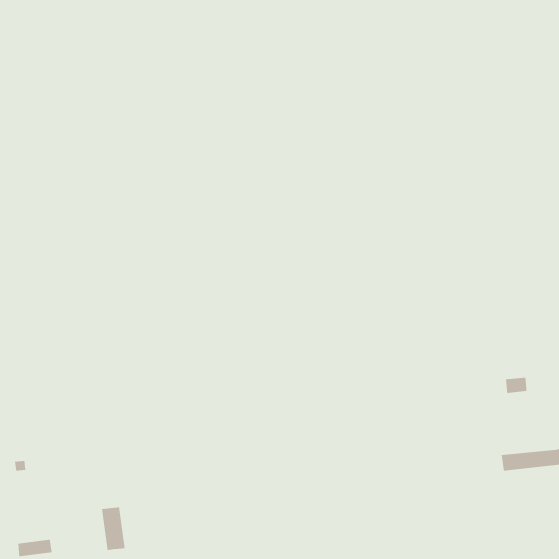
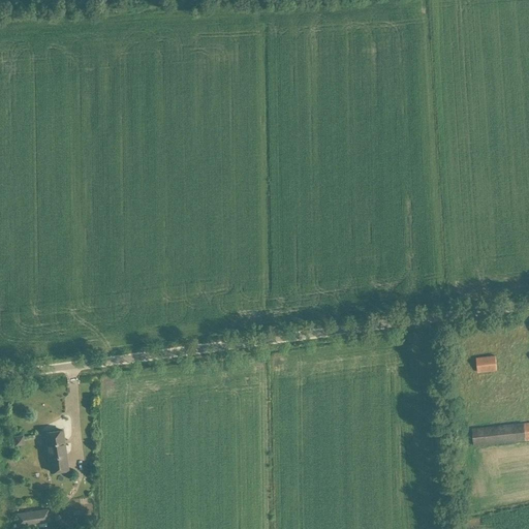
building: [101,507,125,551] -> [46,431,69,472]

